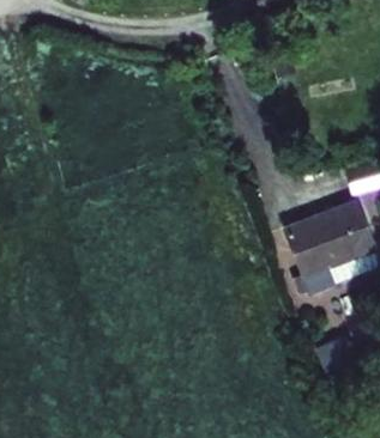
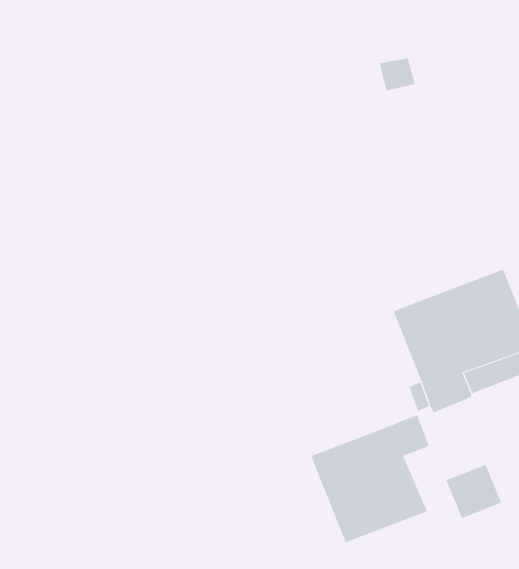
building: none -> [311,415,429,543]

